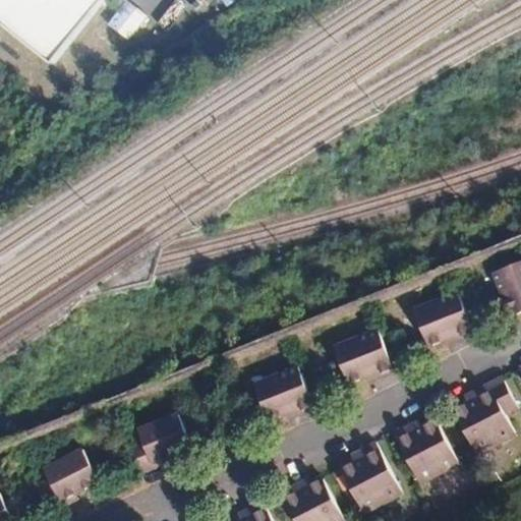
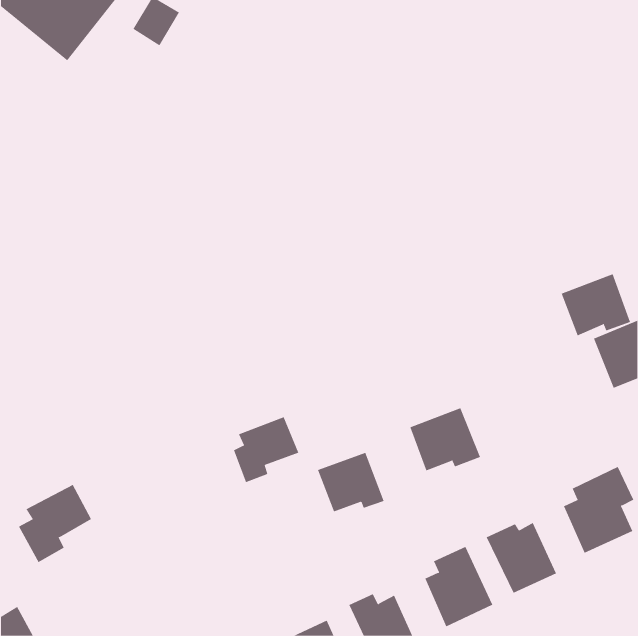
building: [408,296,465,347] -> [561,274,631,336]
building: [135,418,189,472] -> [233,417,299,483]
building: [35,448,95,512] -> [18,484,92,563]

